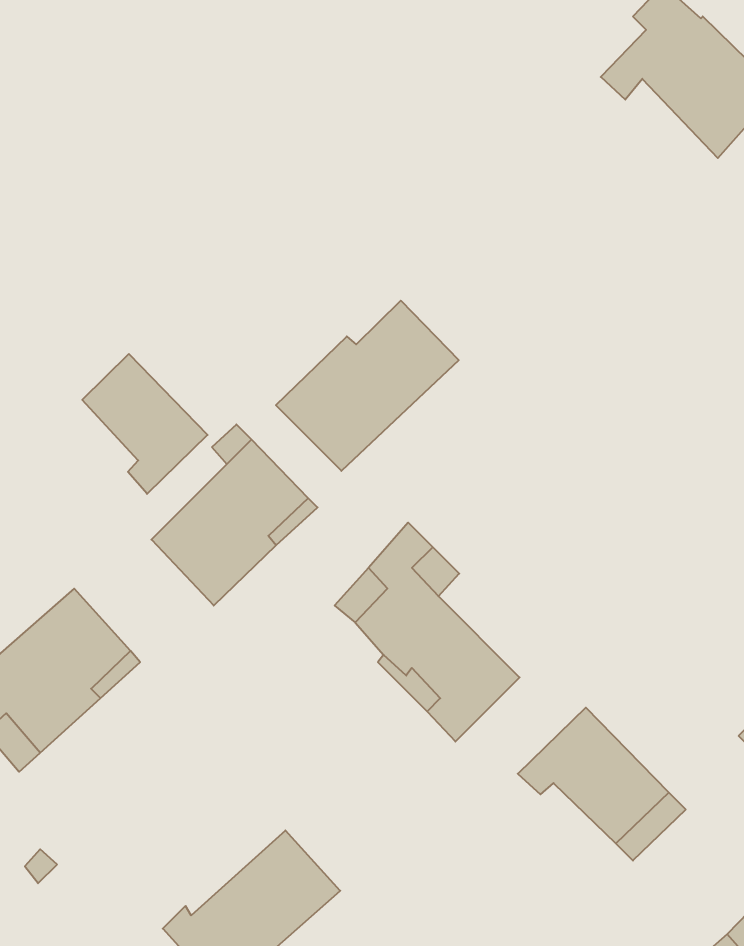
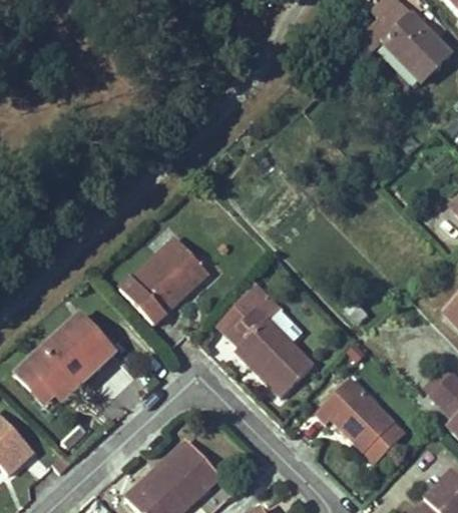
building: [276,301,459,471] -> none
building: [82,354,208,494] -> none

